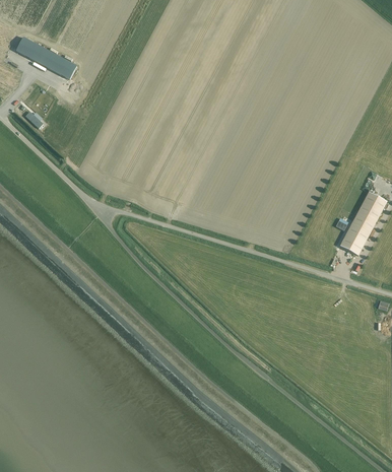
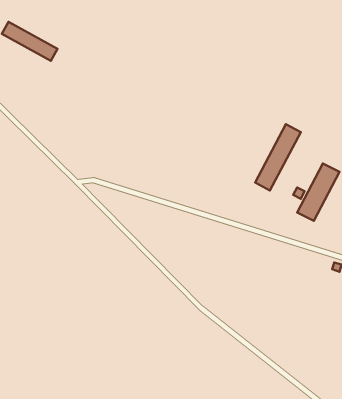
building: none -> [255,124,301,191]

